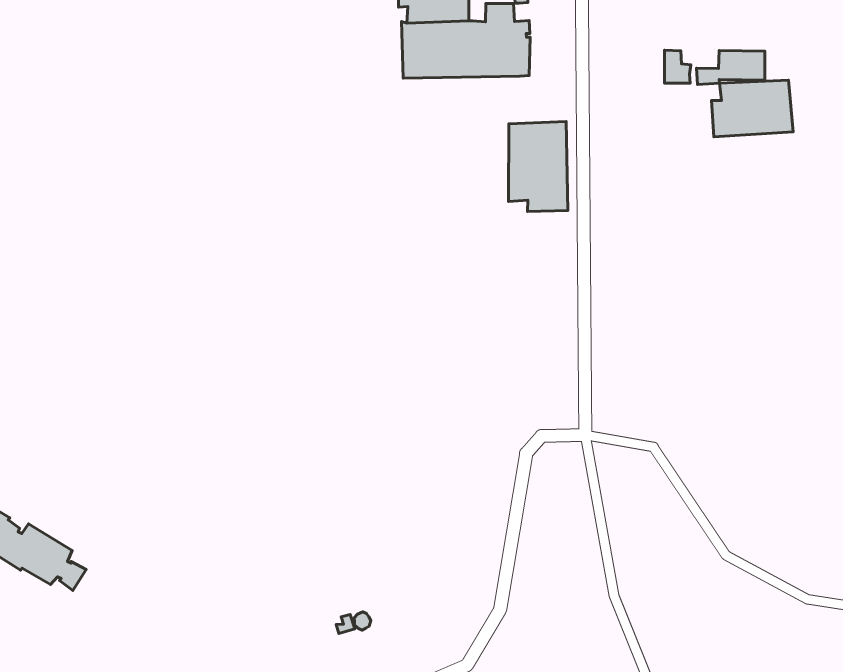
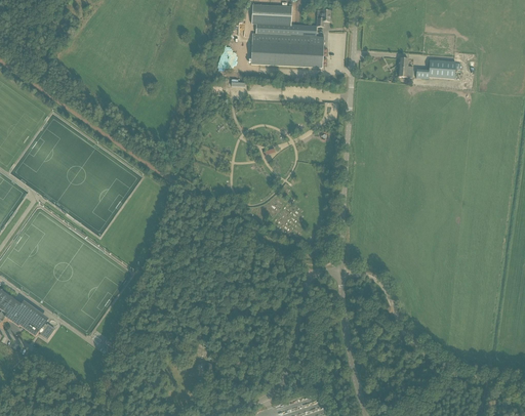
building: [712,80,793,137] -> none
building: [508,122,568,211] -> none

